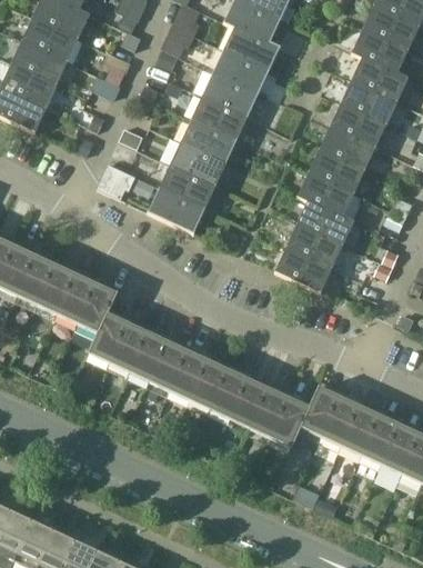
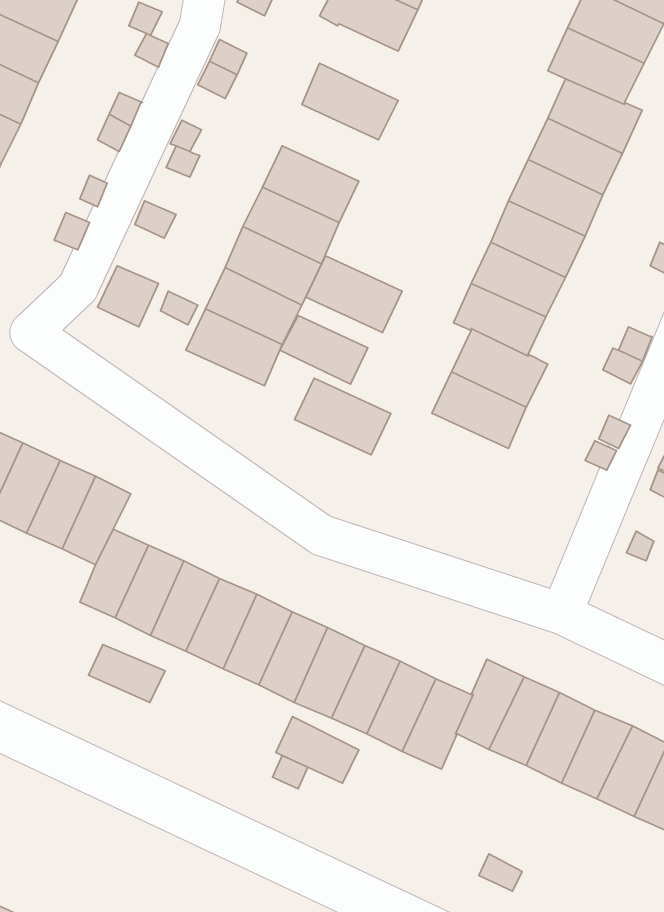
building: [225,26,280,69] -> none
building: [204,71,259,114] -> [306,256,402,333]
building: none -> [280,315,368,384]
building: [278,246,332,289] -> [294,378,391,455]
building: none -> [89,645,165,703]
building: none -> [276,716,359,783]

